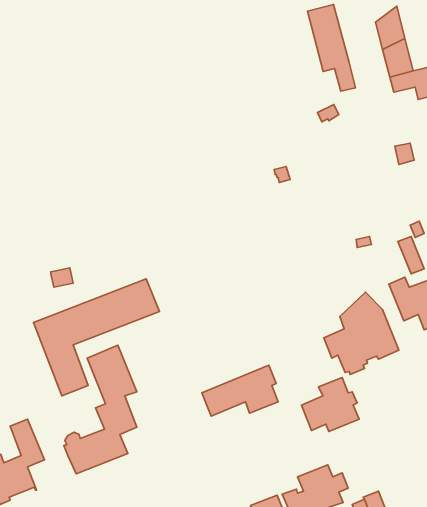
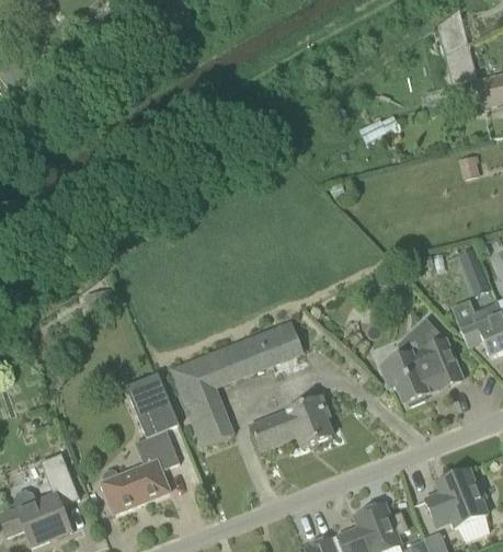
building: [307,5,355,91] -> none
building: [33,279,159,396] -> [169,321,305,447]
building: [301,378,359,431] -> [425,469,488,527]

